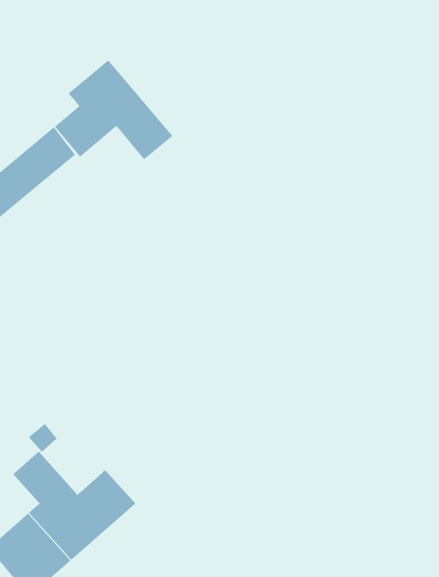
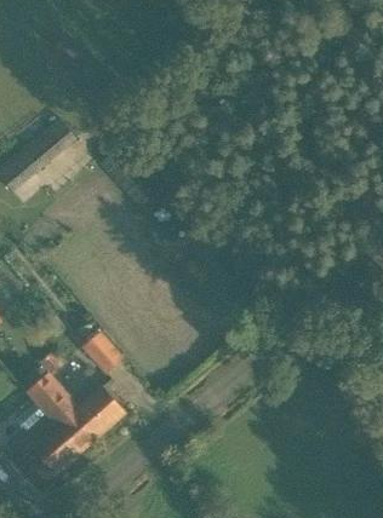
building: [54,60,173,160] -> none
building: none -> [82,330,124,373]

